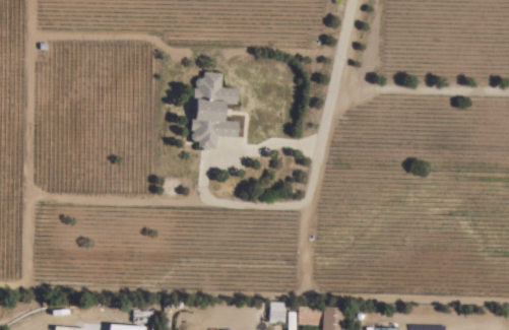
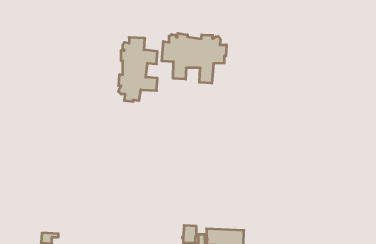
building: none -> [162,33,226,83]

